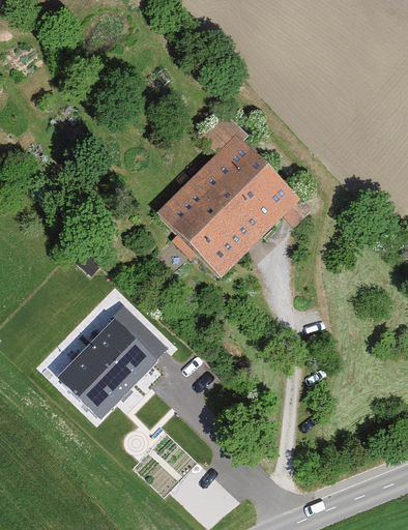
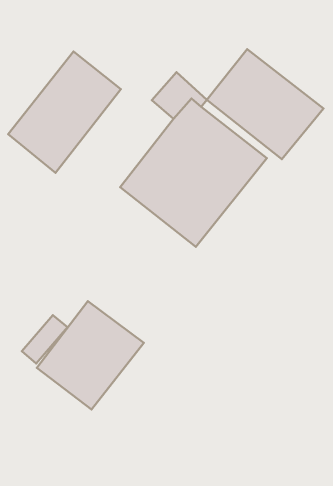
building: none -> [8,52,121,173]
building: none -> [207,49,323,159]

